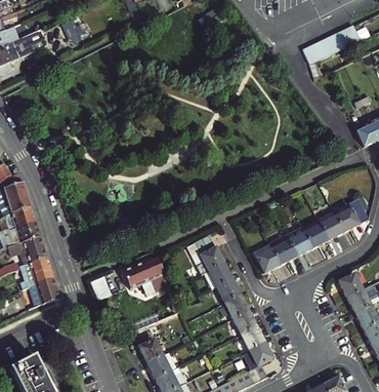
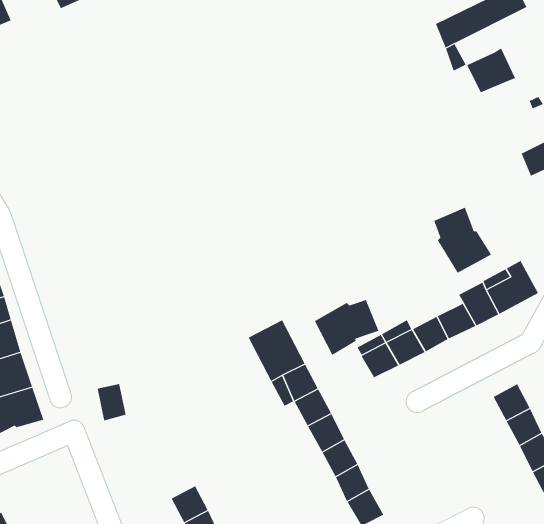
building: none -> [466,47,516,93]
building: none -> [433,207,492,274]
building: none -> [314,299,379,356]
building: [122,257,169,297] -> none

